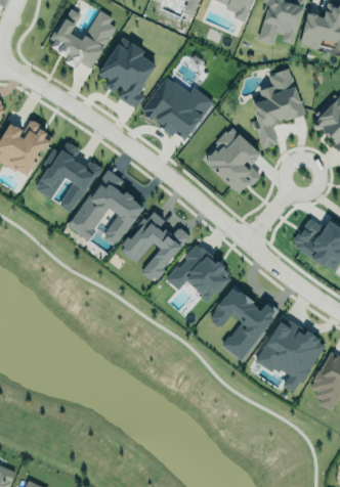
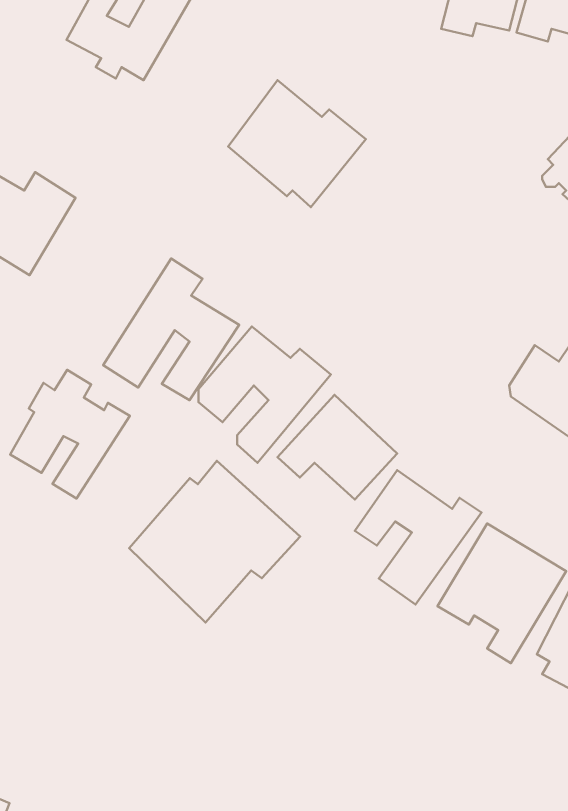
building: [98,35,156,107] -> none
building: [253,70,303,149] -> none
building: [202,128,261,196] -> none
building: [35,142,101,214] -> [10,370,130,499]
building: none -> [129,461,300,622]

